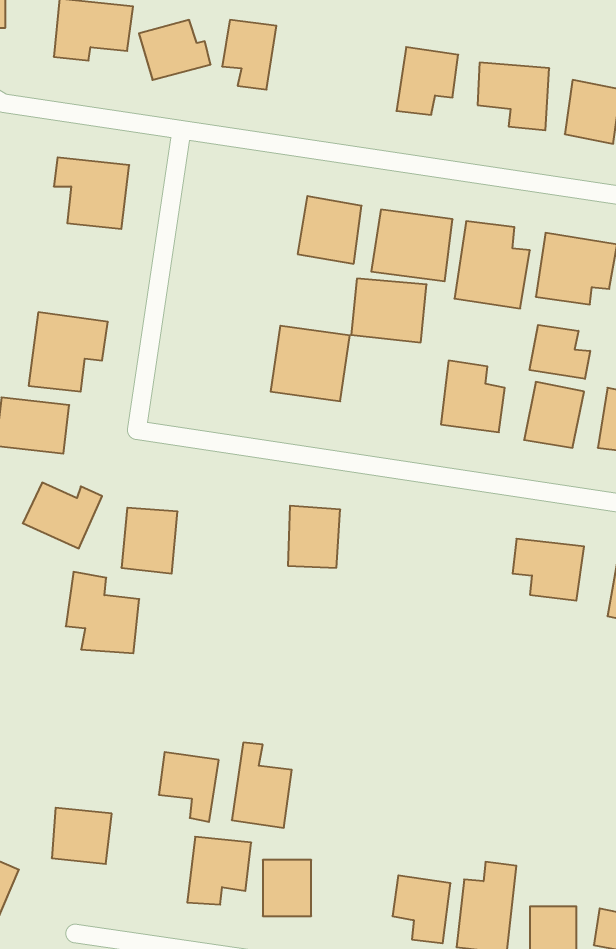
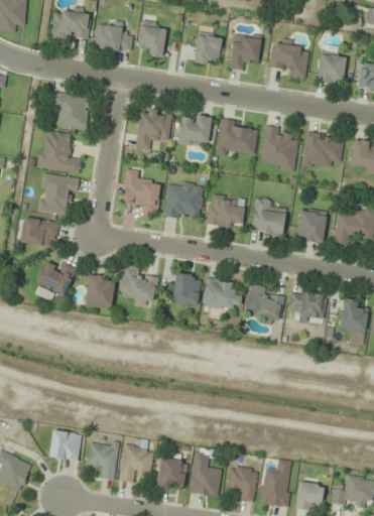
building: none -> [195,35,220,64]
building: none -> [136,109,171,150]
building: none -> [37,130,82,173]
building: [351,279,427,342] -> [206,196,245,229]
building: none -> [121,169,161,214]
building: [530,325,590,379] -> none
building: none -> [203,280,241,310]
building: none -> [246,285,283,319]
building: [66,572,139,653] -> [119,264,157,306]
building: [232,743,292,828] -> [189,453,220,497]
building: [159,752,219,822] -> [87,443,118,480]

